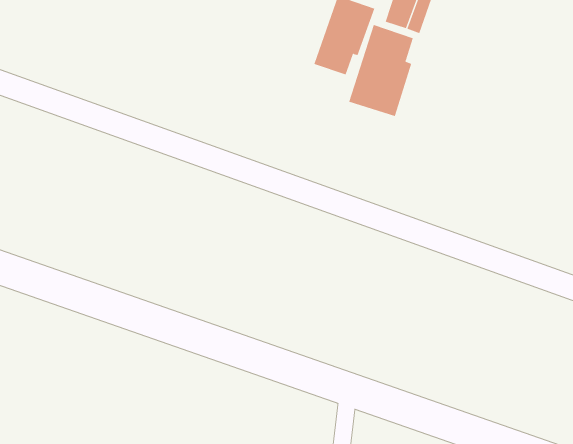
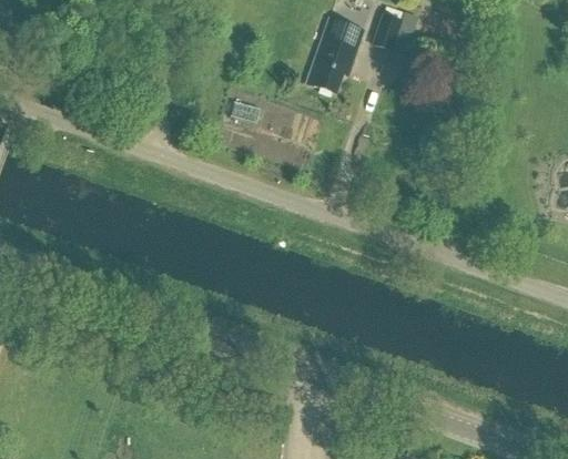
building: [348,24,413,117] -> none

